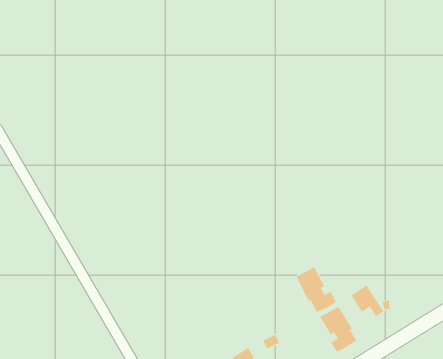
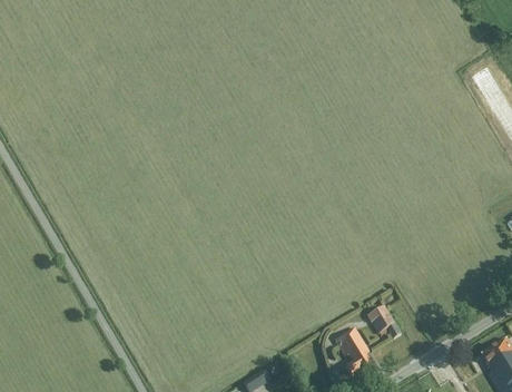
building: [296,266,337,313] -> none

